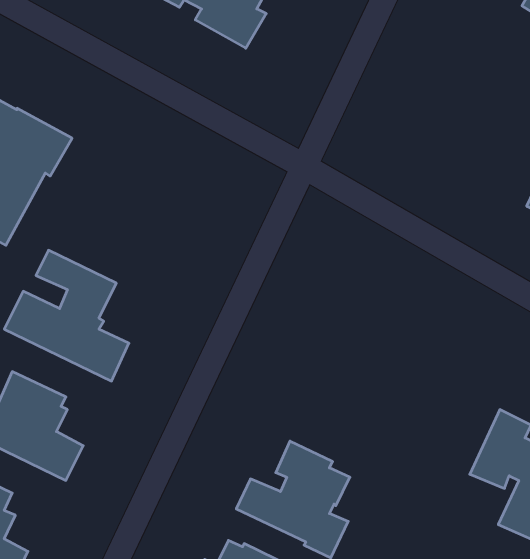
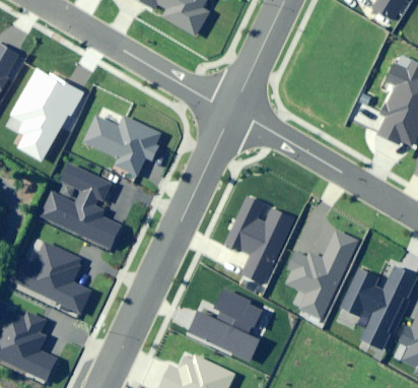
building: none -> [83,117,160,178]
building: none -> [225,196,295,286]
building: none -> [286,231,358,319]

